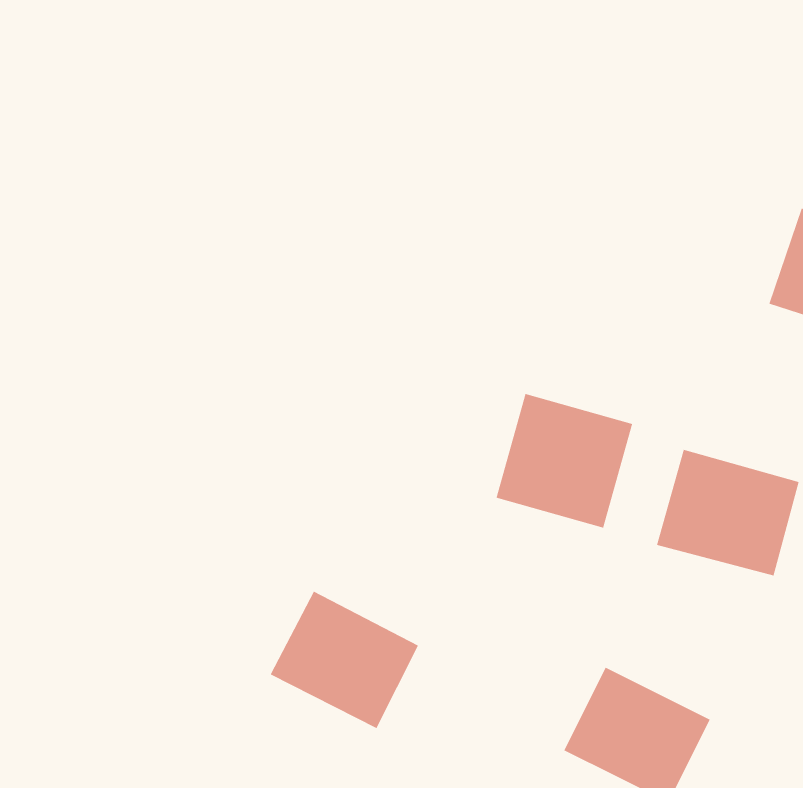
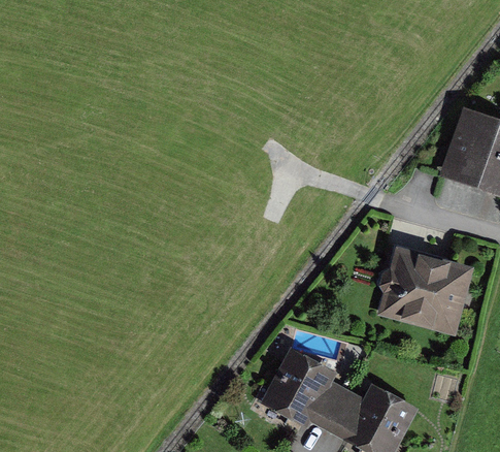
building: [496,393,633,529] -> none
building: [270,591,419,729] -> [269,350,354,428]

